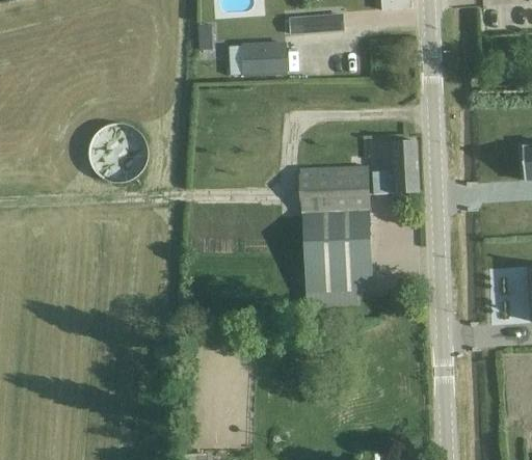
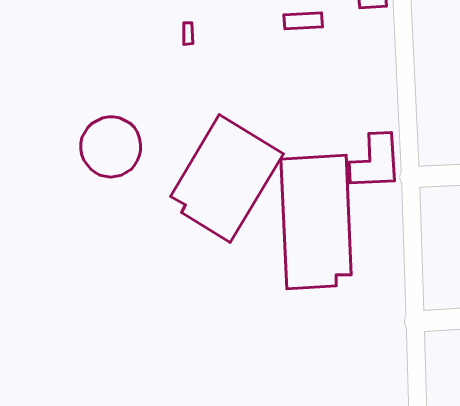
building: [240,42,284,75] -> none
building: none -> [170,114,283,243]

